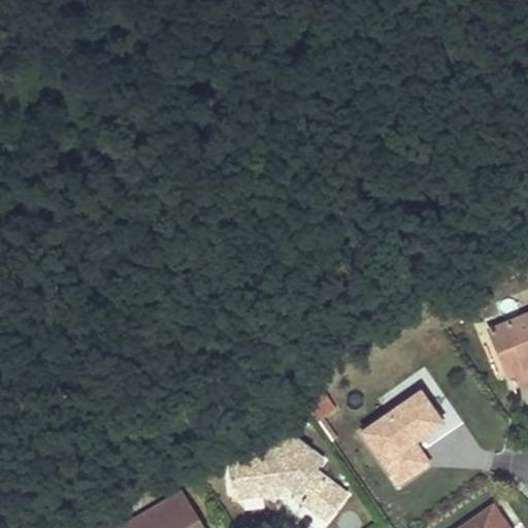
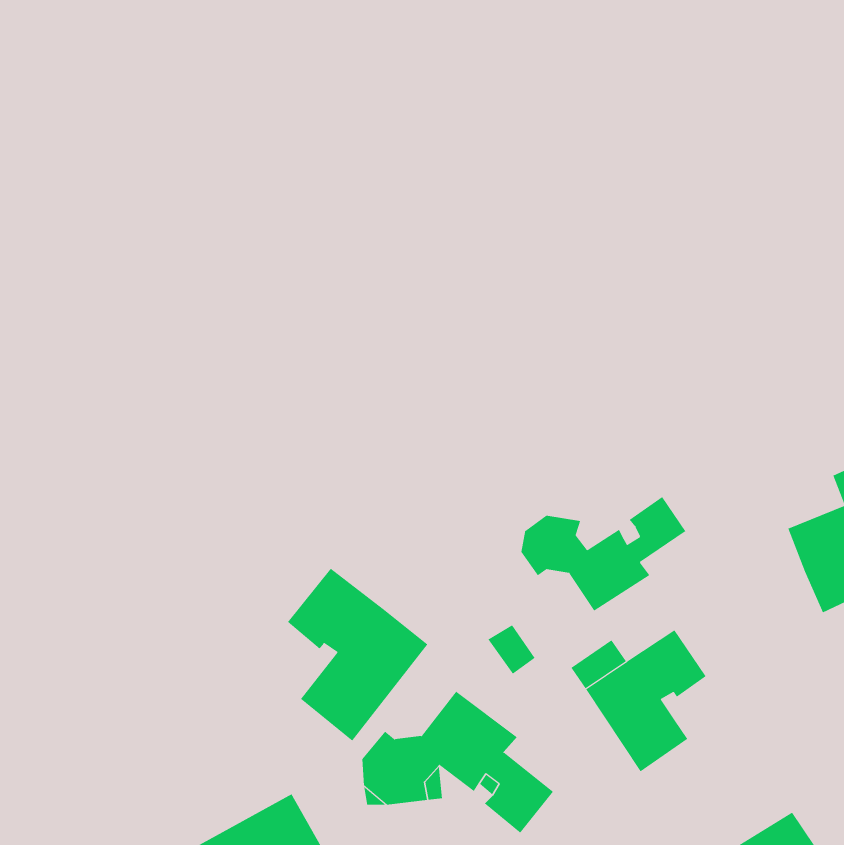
building: none -> [521,496,686,611]
building: none -> [287,568,428,741]

